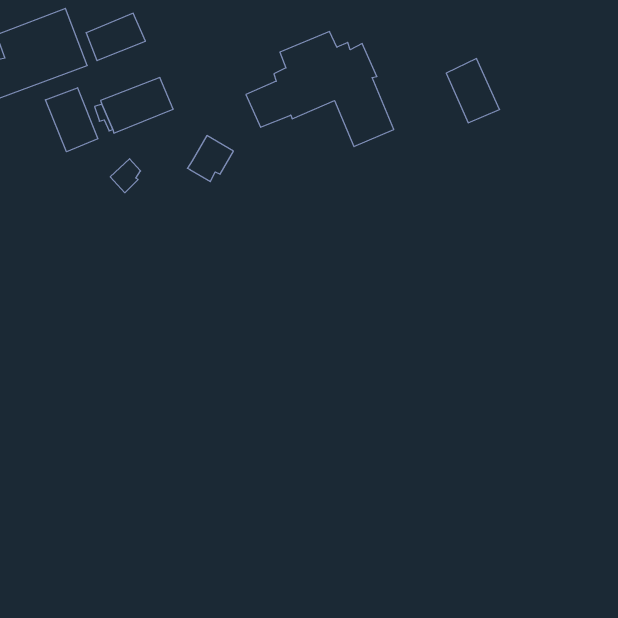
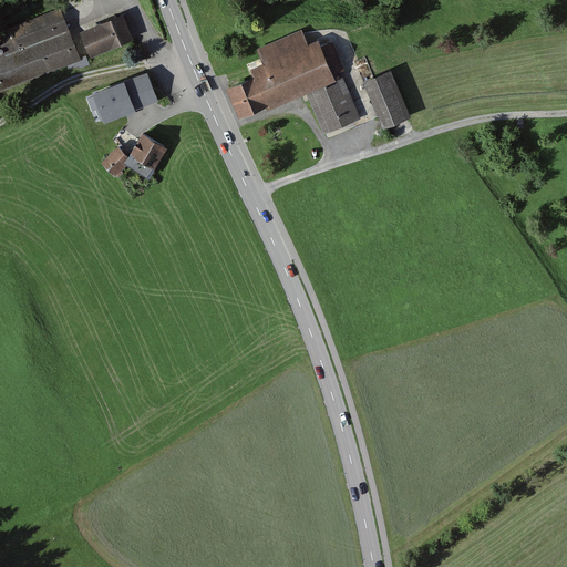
building: [446,59,500,123] -> [362,70,411,128]
building: [45,88,98,152] -> none
building: [187,136,233,182] -> [124,134,166,176]

